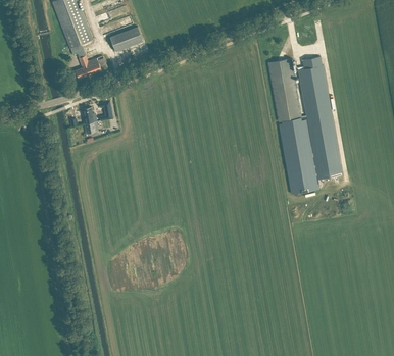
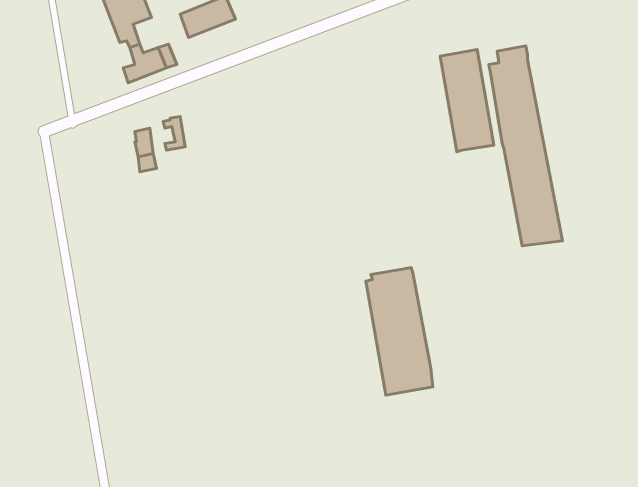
building: [279,115,319,193] -> [366,268,433,395]

